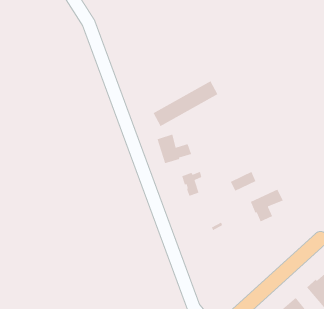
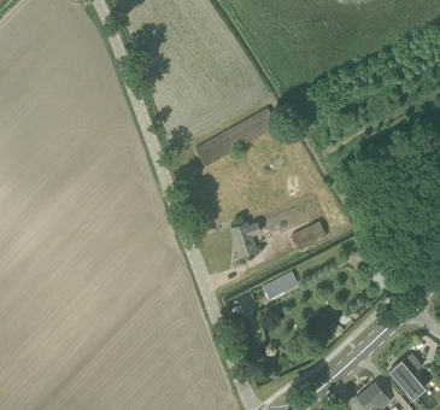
building: [157,133,192,164] -> none
building: [250,188,284,222] -> none

